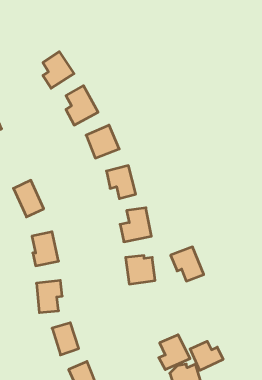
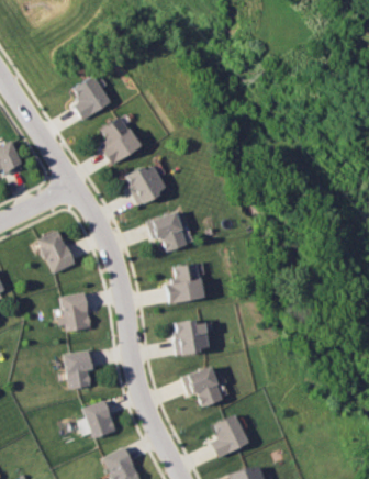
building: [171,247,204,281] -> [183,366,223,406]
building: [190,341,223,370] -> none

